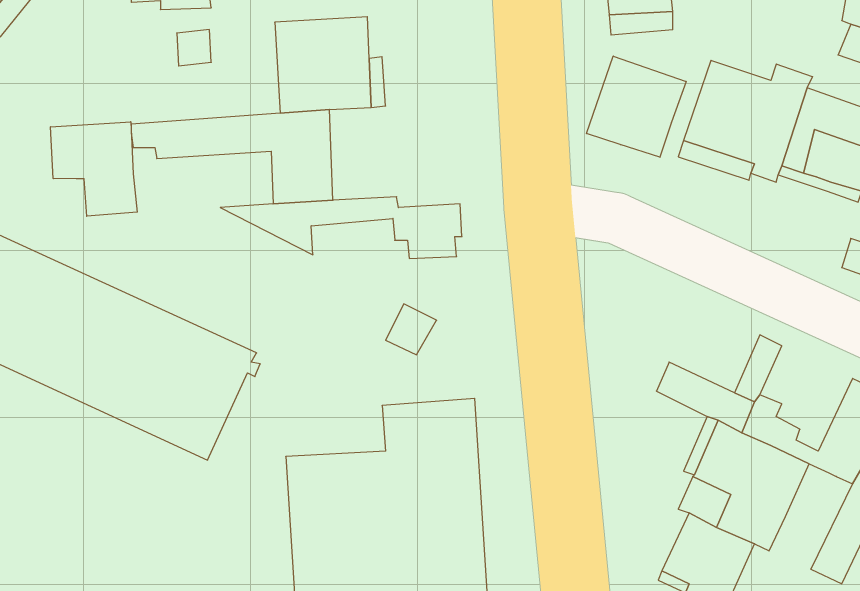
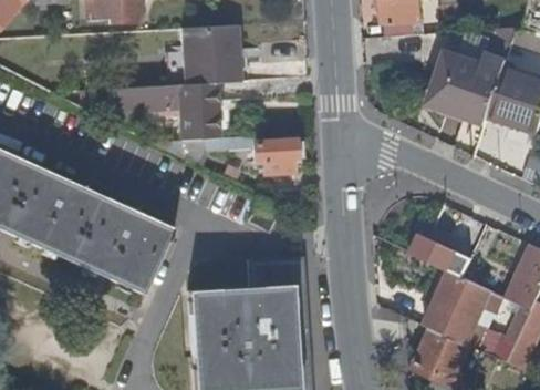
building: [587,56,686,157] -> none
building: [51,122,137,216] -> none
building: none -> [480,304,531,360]

